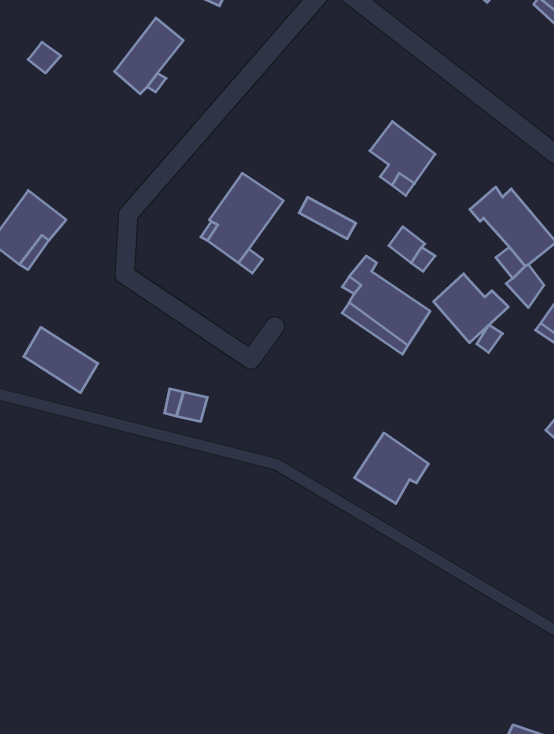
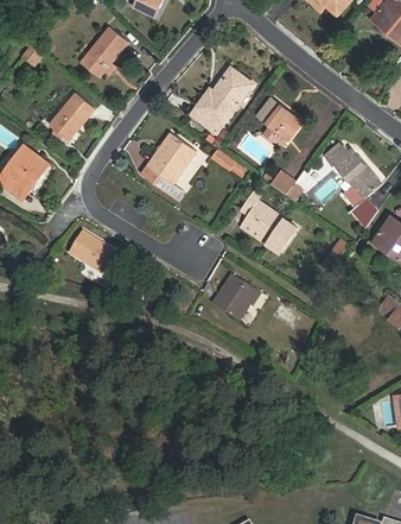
building: none -> [191,69,250,133]
building: none -> [46,91,95,143]
building: [434,274,508,343] -> none
building: [24,327,98,393] -> [69,232,120,277]
building: [354,433,429,504] -> [211,273,262,322]

